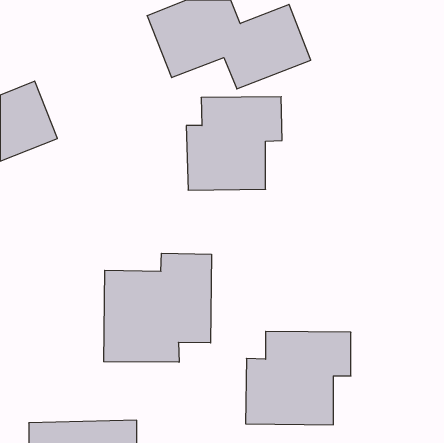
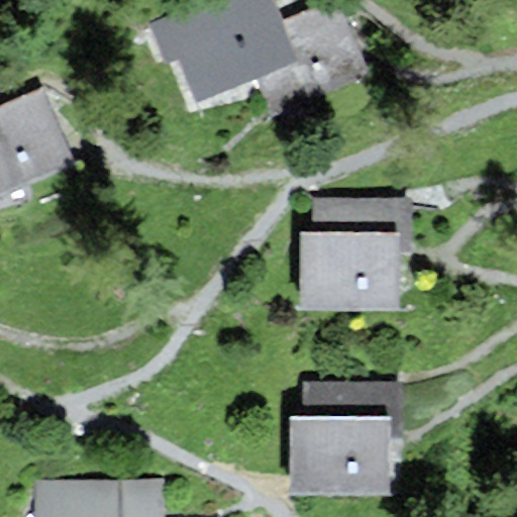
building: [186,97,282,190] -> [300,202,411,310]
building: [104,253,211,362] -> none

